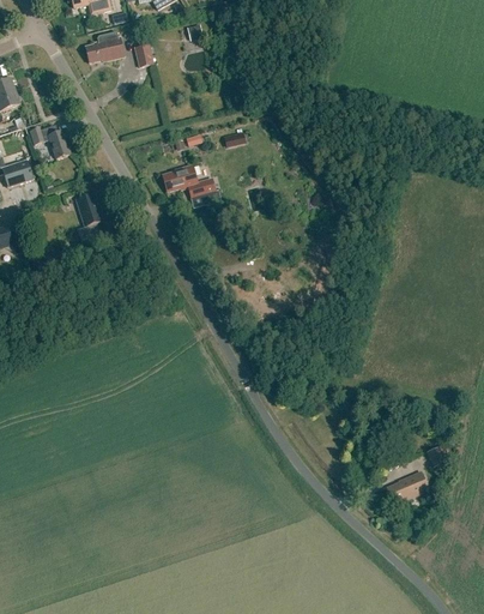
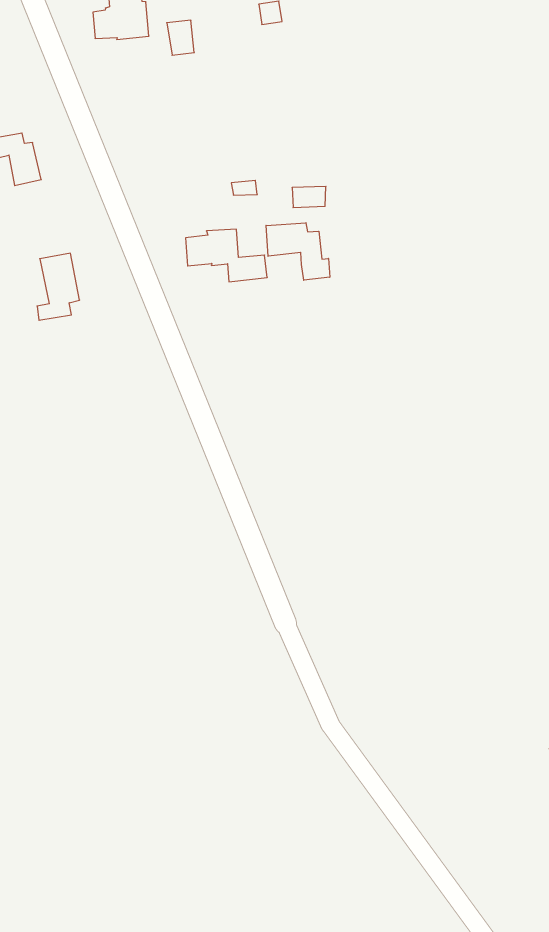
building: none -> [266,223,330,280]
building: [389,475,424,502] -> none

